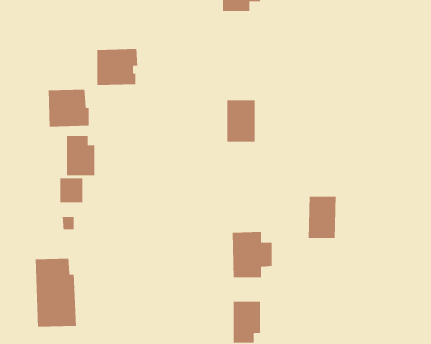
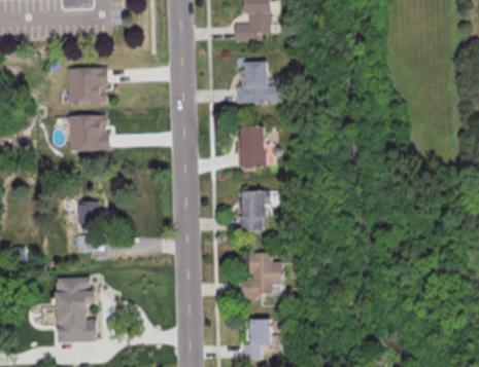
building: none -> [237,61,269,102]
building: [97,48,138,86] -> [66,67,106,103]
building: [66,135,95,176] -> none
building: [308,196,337,239] -> [240,189,268,230]

